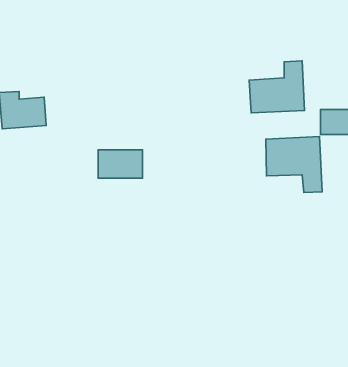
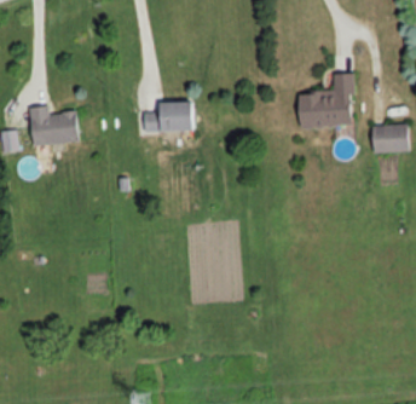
building: [266,137,322,192] -> none
building: [98,150,142,178] -> [146,102,193,132]

